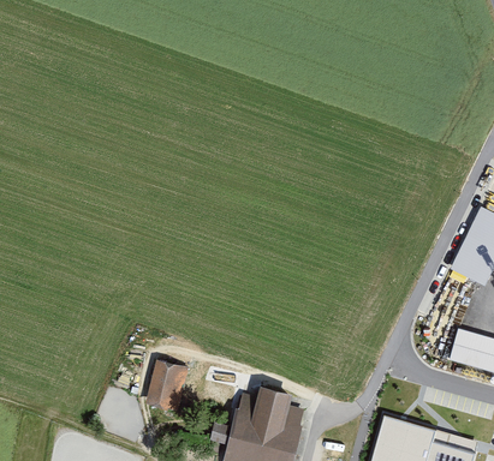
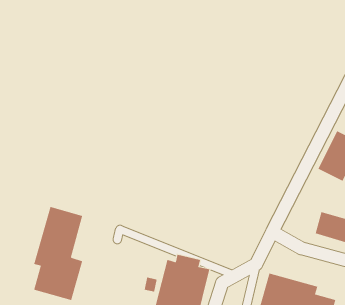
building: none -> [33,206,83,301]
building: [144,360,184,403] -> none

